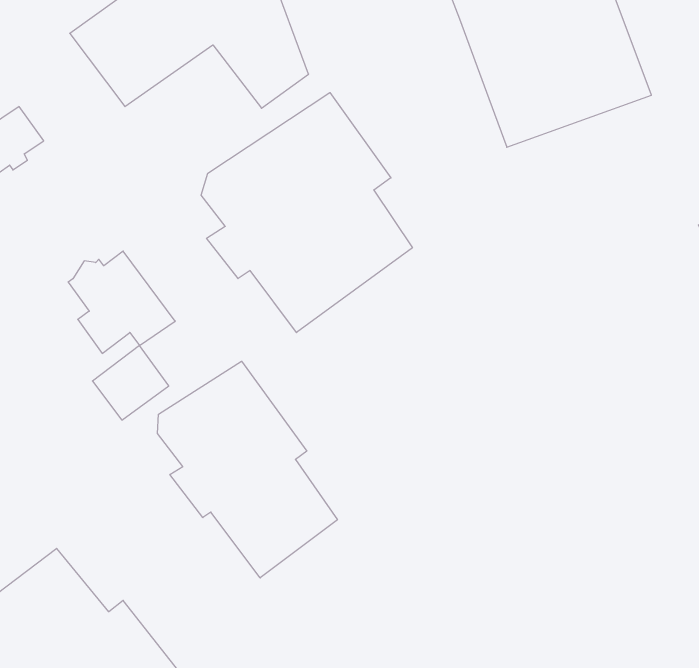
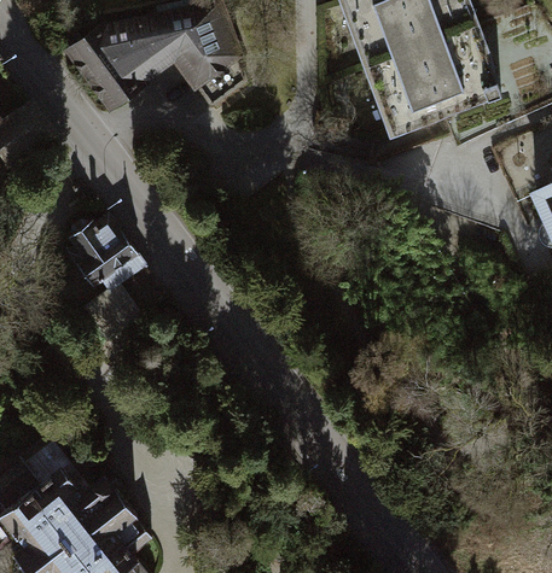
building: [201,93,412,333] -> none
building: [157,361,337,578] -> none

